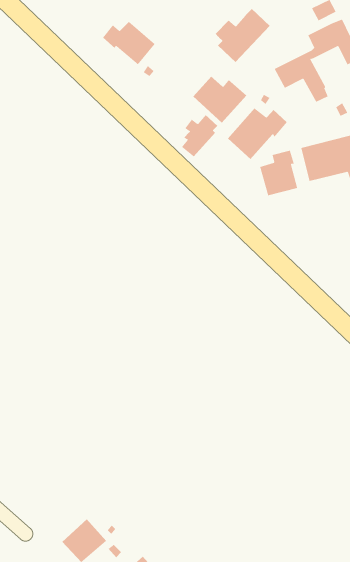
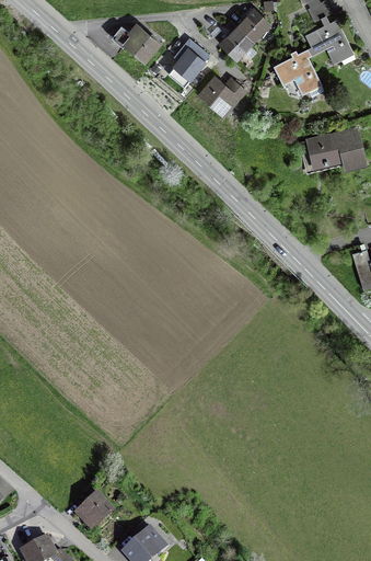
building: [227,108,287,160] -> none
building: [181,114,218,157] -> [172,44,207,84]
building: [260,150,298,196] -> none

